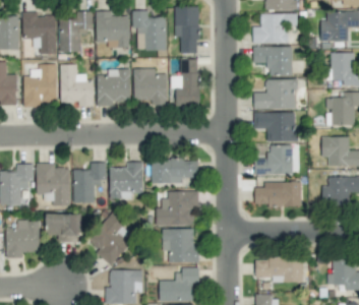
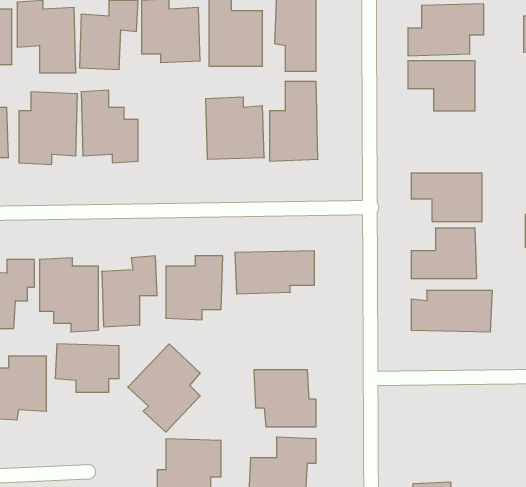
building: [97,69,131,107] -> none
building: [253,79,296,109] -> none
building: [156,191,198,226] -> none
building: [255,257,302,283] -> none

